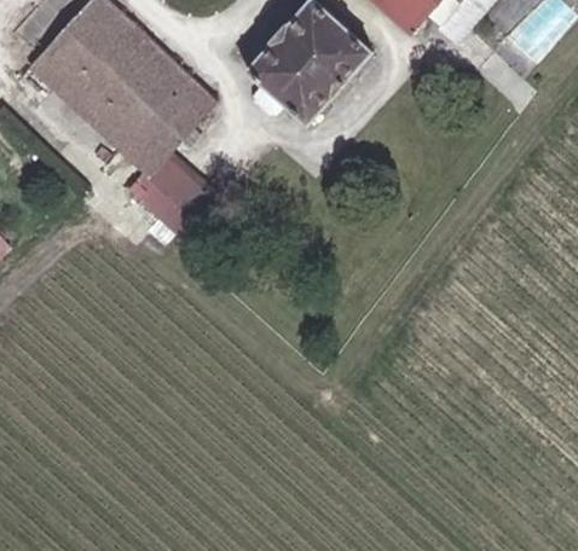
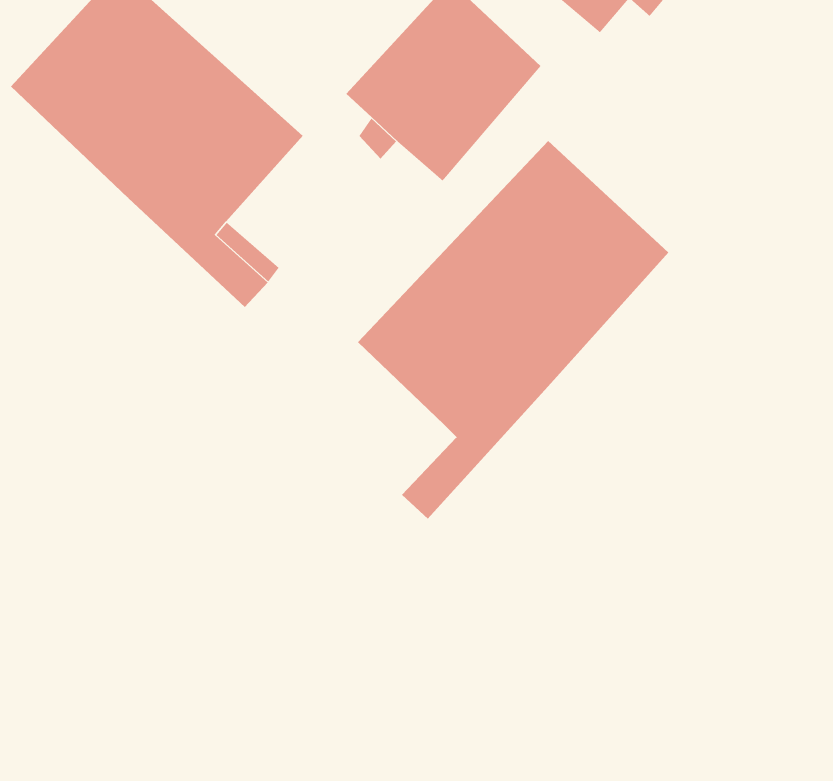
building: none -> [357,140,669,519]

